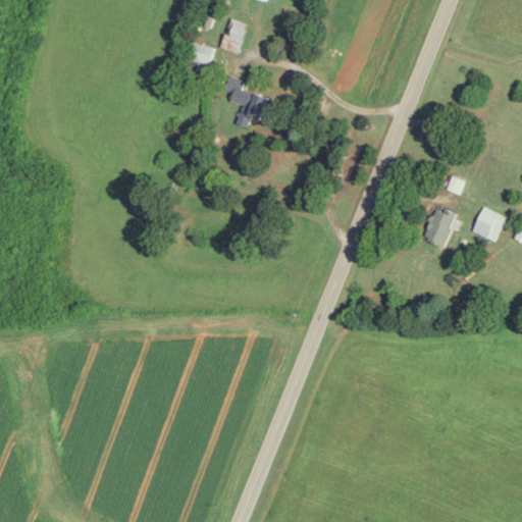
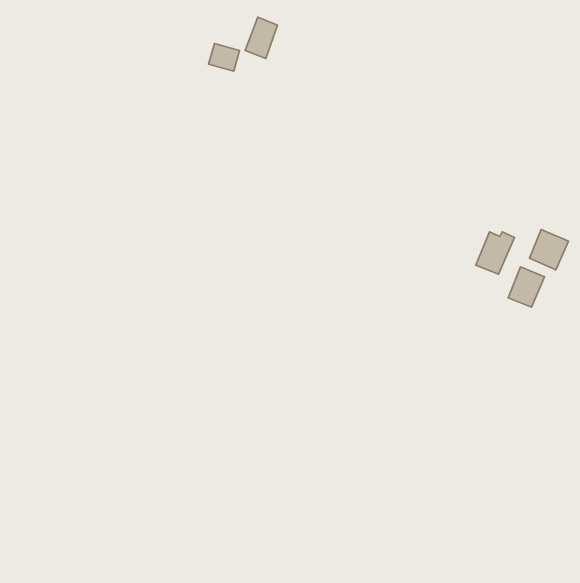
building: [222,76,270,127] -> none
building: none -> [508,267,544,307]

